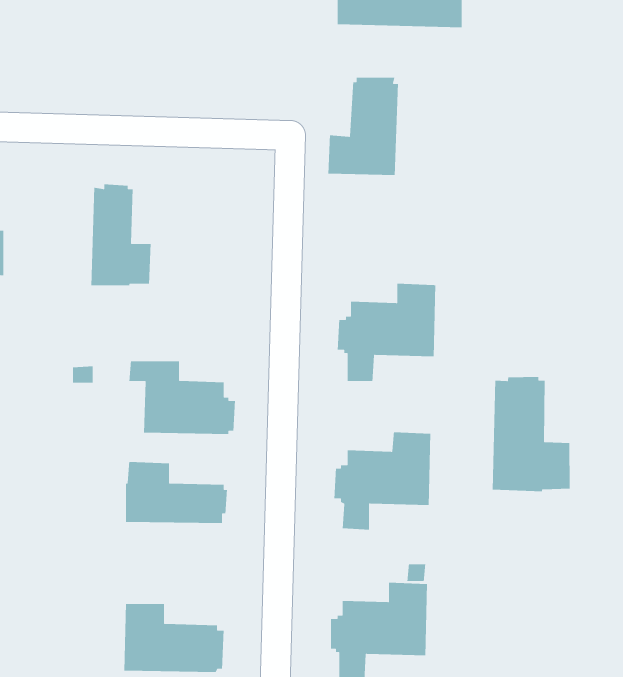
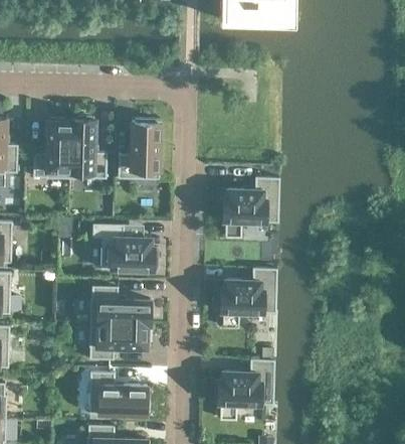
building: [328,77,399,176] -> [118,120,161,180]
building: none -> [33,120,71,180]
building: [492,376,570,492] -> none
building: none -> [89,324,150,360]

